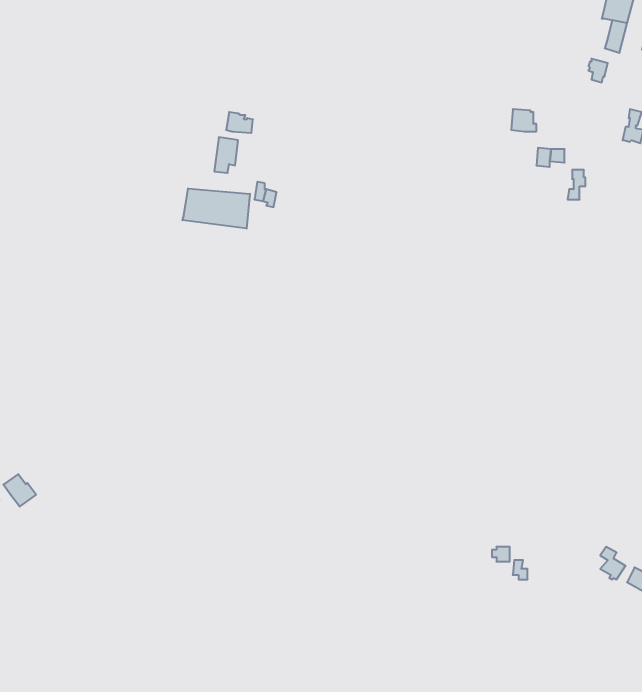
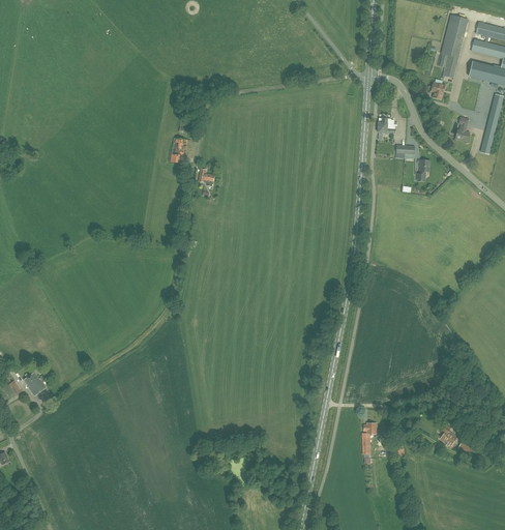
building: [182,188,250,229] -> none

